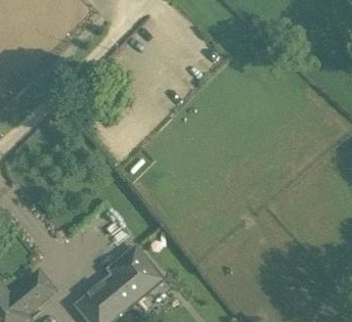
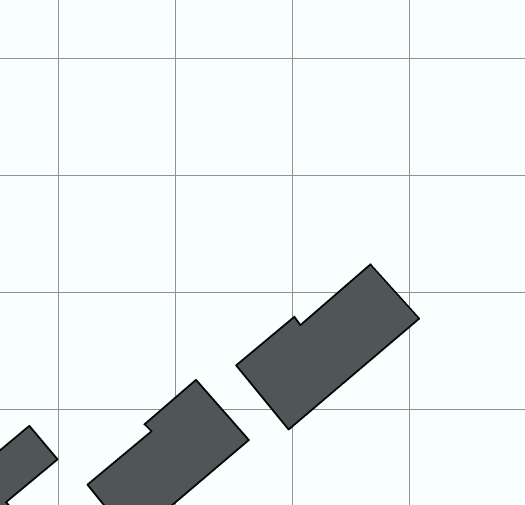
building: none -> [236,264,419,429]

